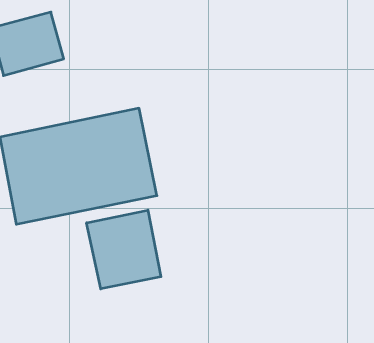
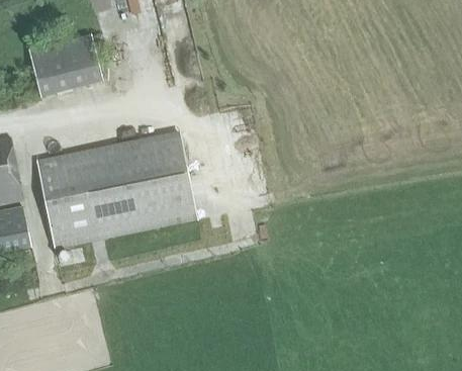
building: [87,210,161,289] -> none

